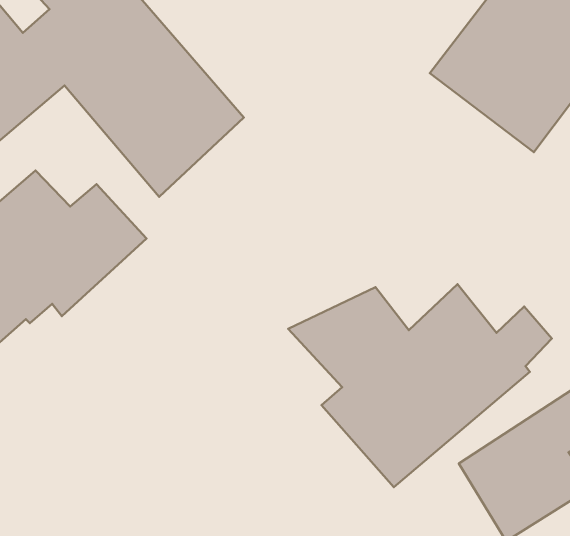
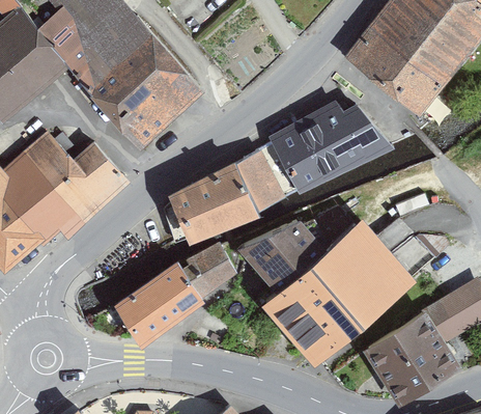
building: none -> [169,101,391,246]
building: none -> [113,242,236,349]

